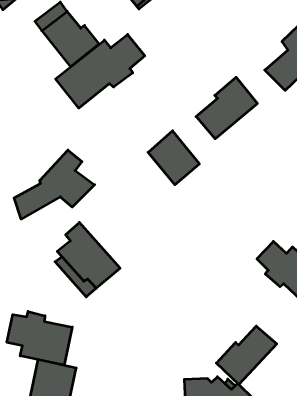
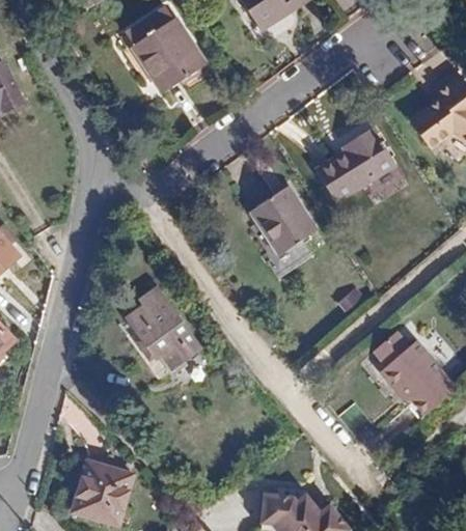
building: [56,34,145,108] -> none
building: [14,150,95,219] -> none
building: [7,311,72,365] -> none
building: [216,326,277,385] -> none

